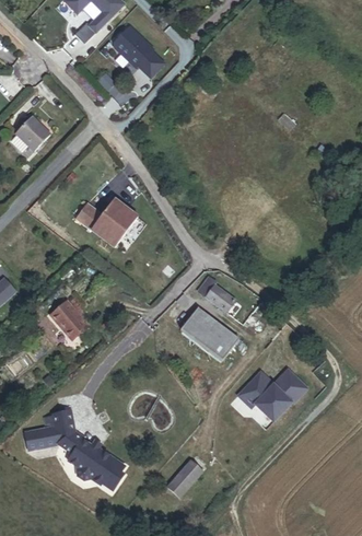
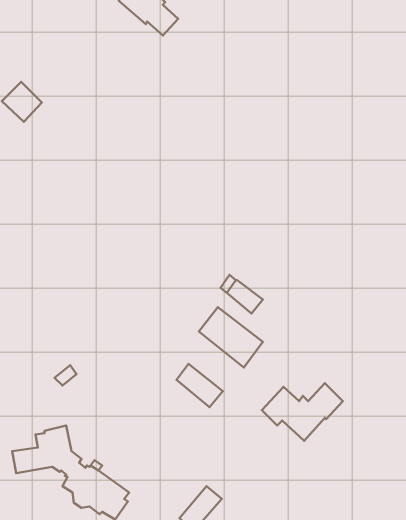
building: [74,198,137,247] -> none
building: [50,301,87,339] -> none
building: none -> [176,364,223,407]

